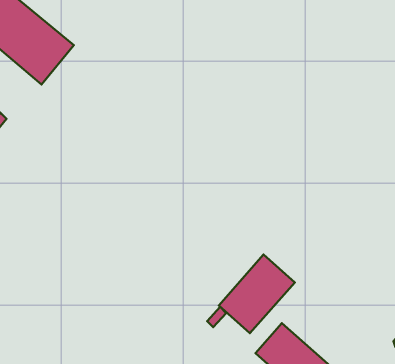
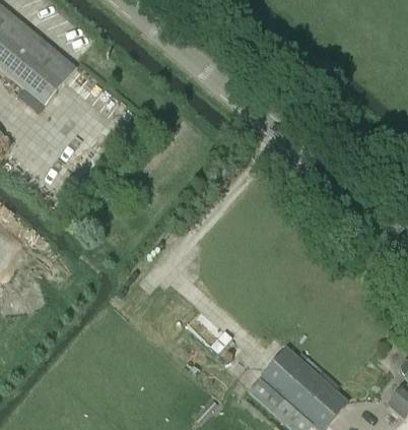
building: [219,255,295,333] -> none

